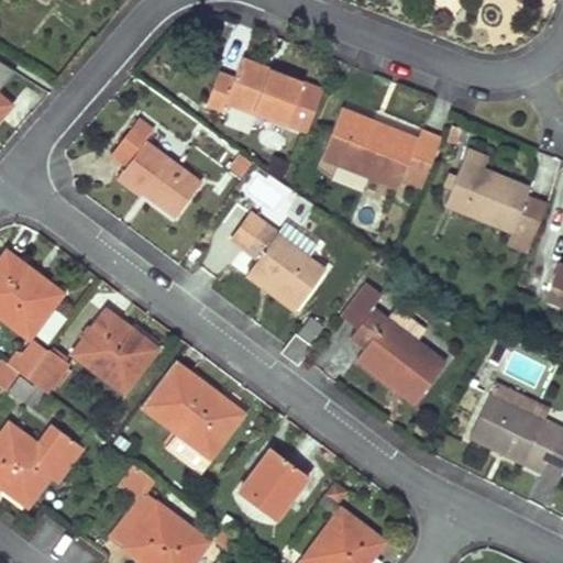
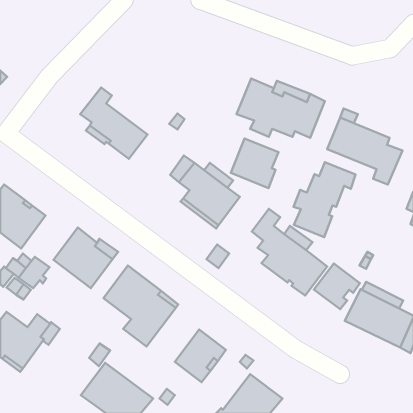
building: [208,58,323,131] -> none
building: none -> [231,138,279,188]
building: none -> [294,162,355,237]
building: none -> [314,263,360,309]

